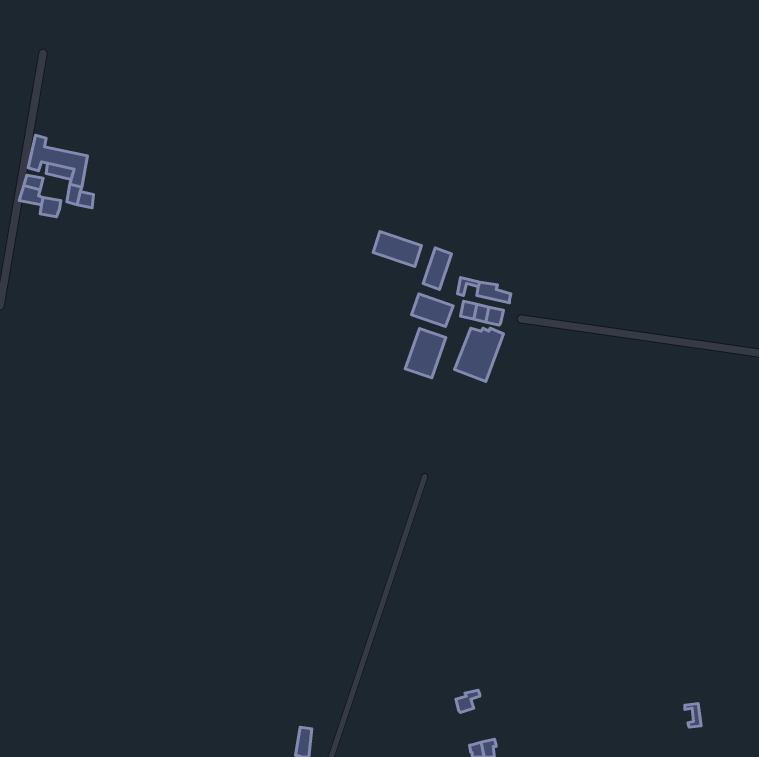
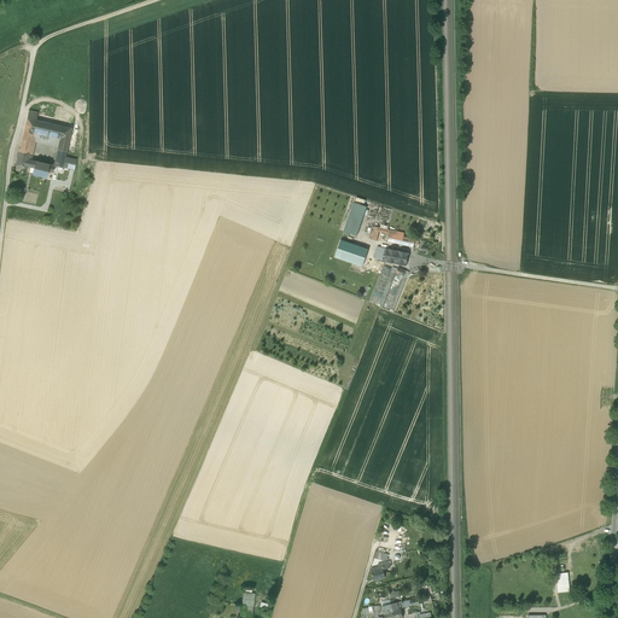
building: [373,231,422,266] -> none
building: [405,329,446,378] -> none

